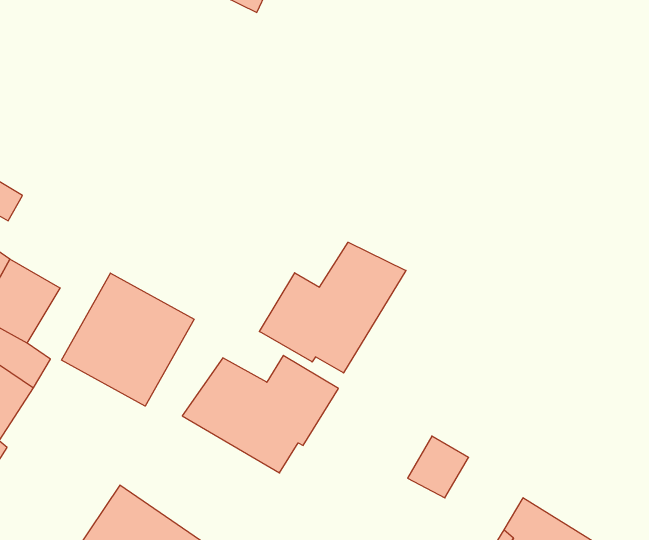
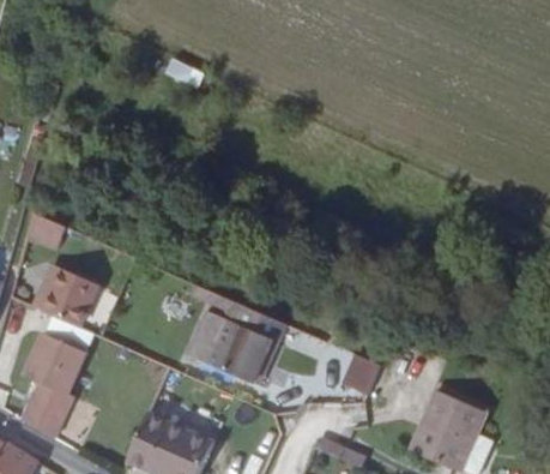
building: [259,242,406,373] -> none
building: [62,273,194,406] -> none

